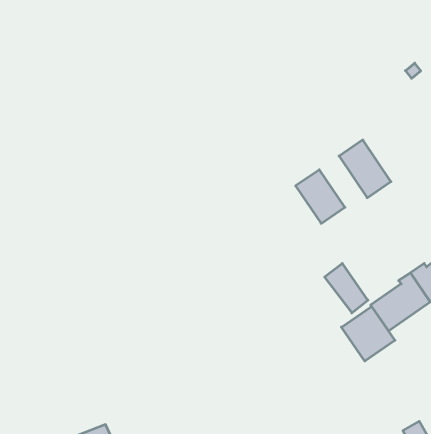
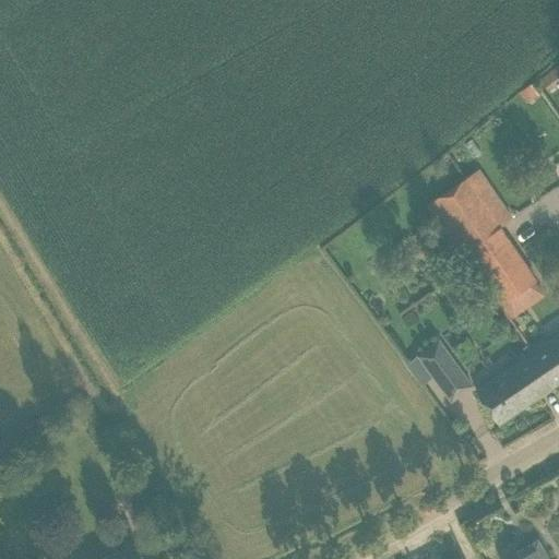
building: [296,170,345,223] -> [476,235,539,304]
building: [341,306,395,361] -> none

